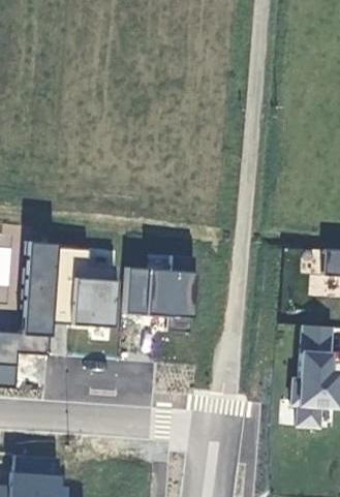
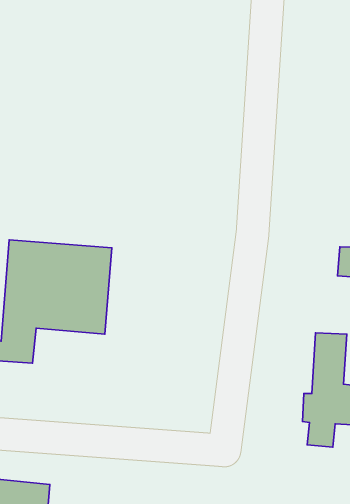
building: [124,268,197,316] -> none

